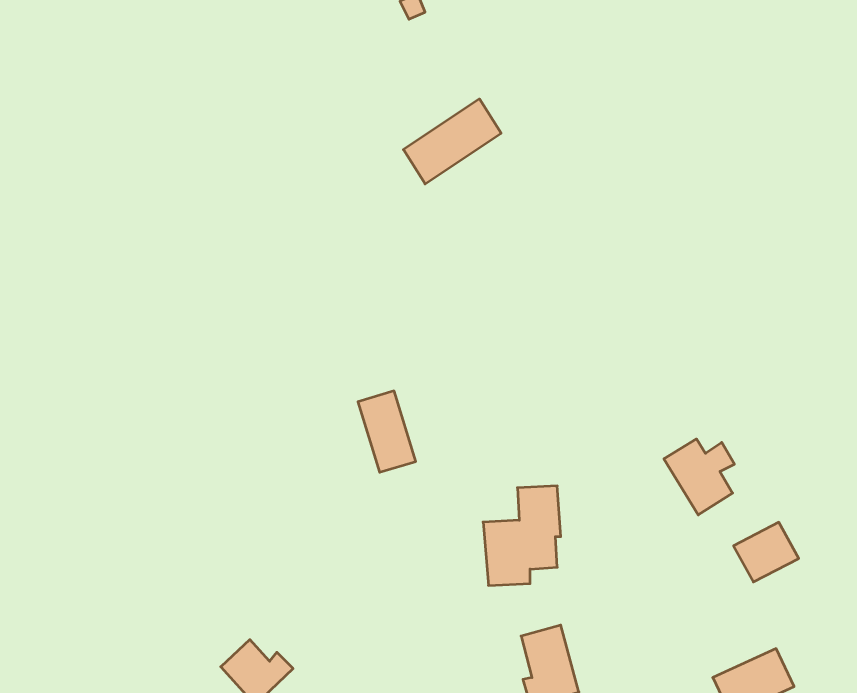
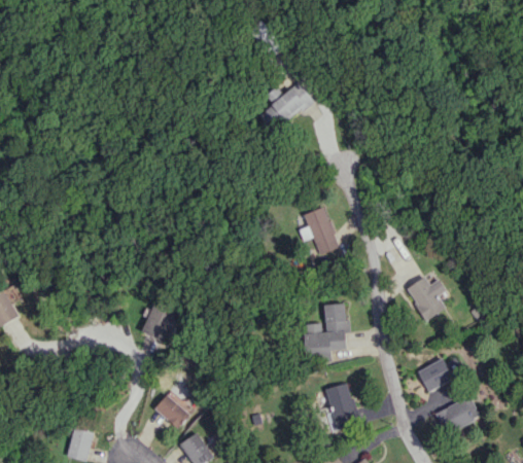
building: [358,391,416,472] -> [305,207,338,253]
building: none -> [141,305,173,341]
building: [734,522,799,582] -> [417,358,454,392]

